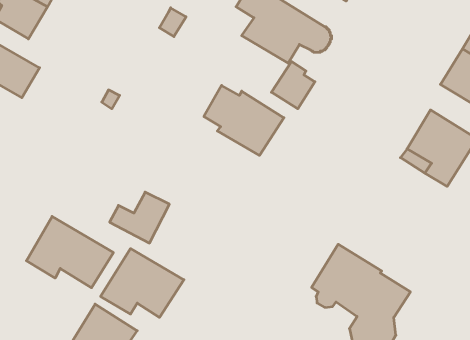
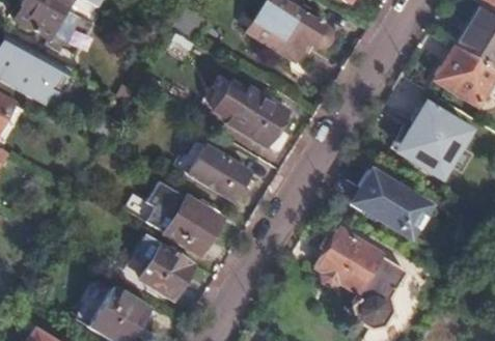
building: [271,62,315,109] -> none
building: none -> [188,143,251,200]
building: none -> [356,173,433,238]
building: none -> [163,195,222,255]
building: [26,216,113,288] -> none

